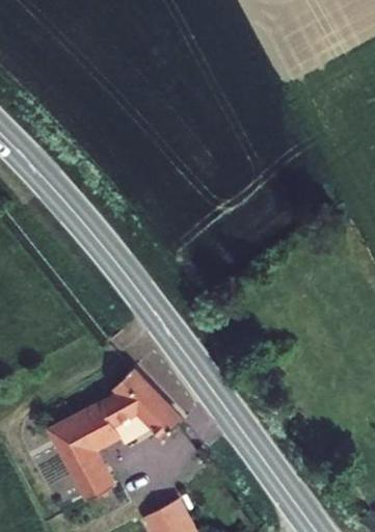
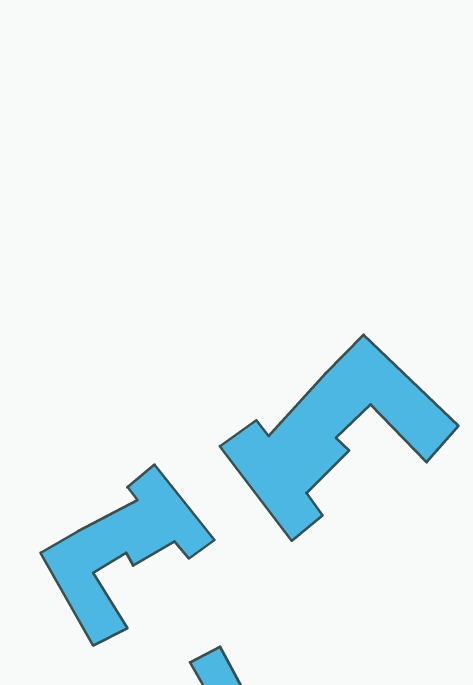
building: none -> [220,335,458,541]

